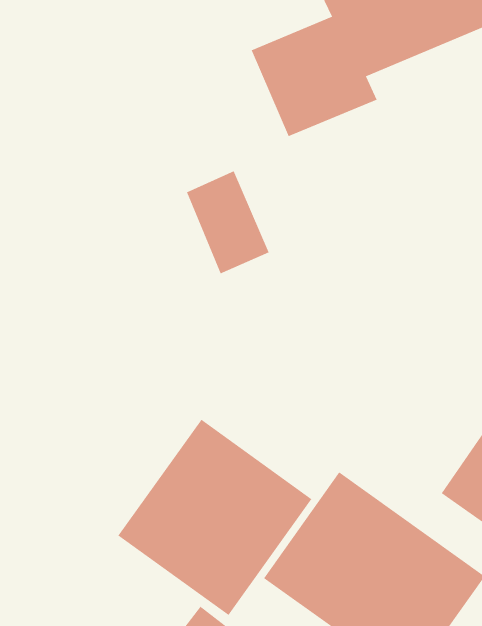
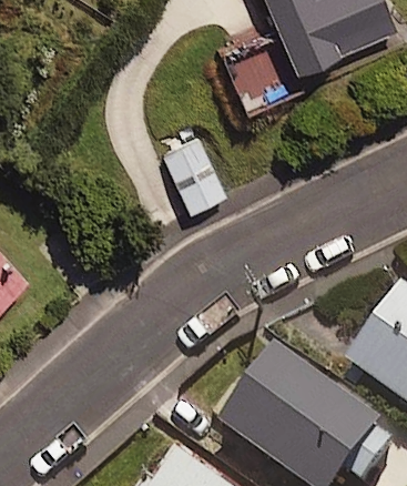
building: [118,419,312,616] -> none

